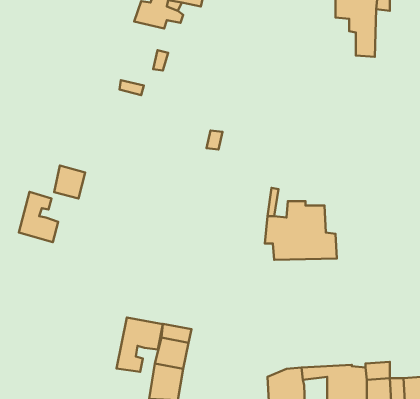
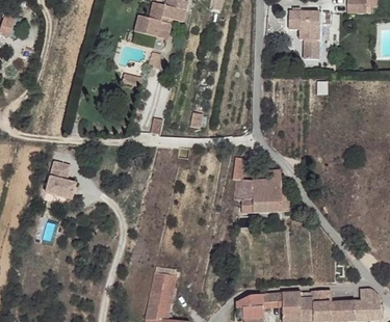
building: [54,166,85,198] -> none
building: [117,317,163,372] -> none

